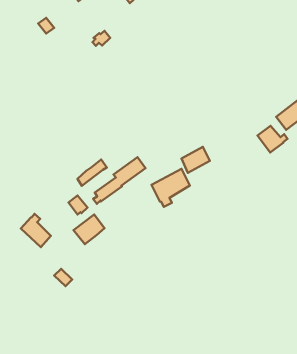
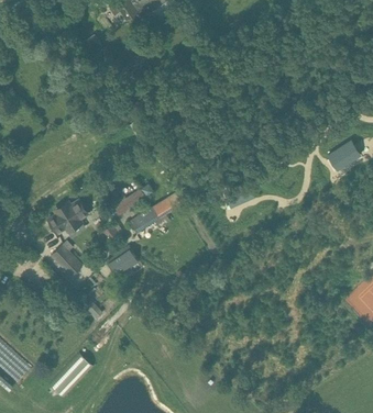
building: [257,126,288,152] -> none
building: [152,169,190,207] -> none
building: none -> [47,200,88,236]

